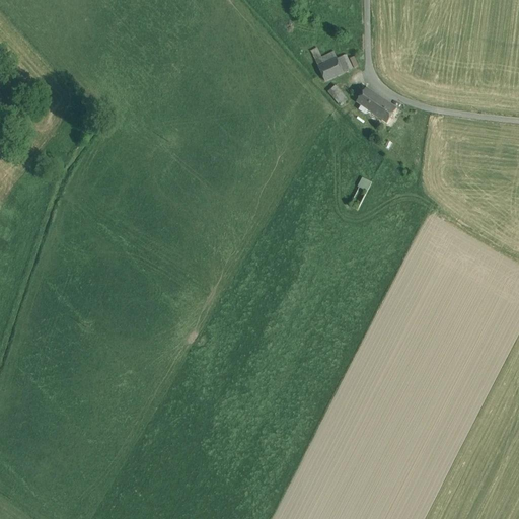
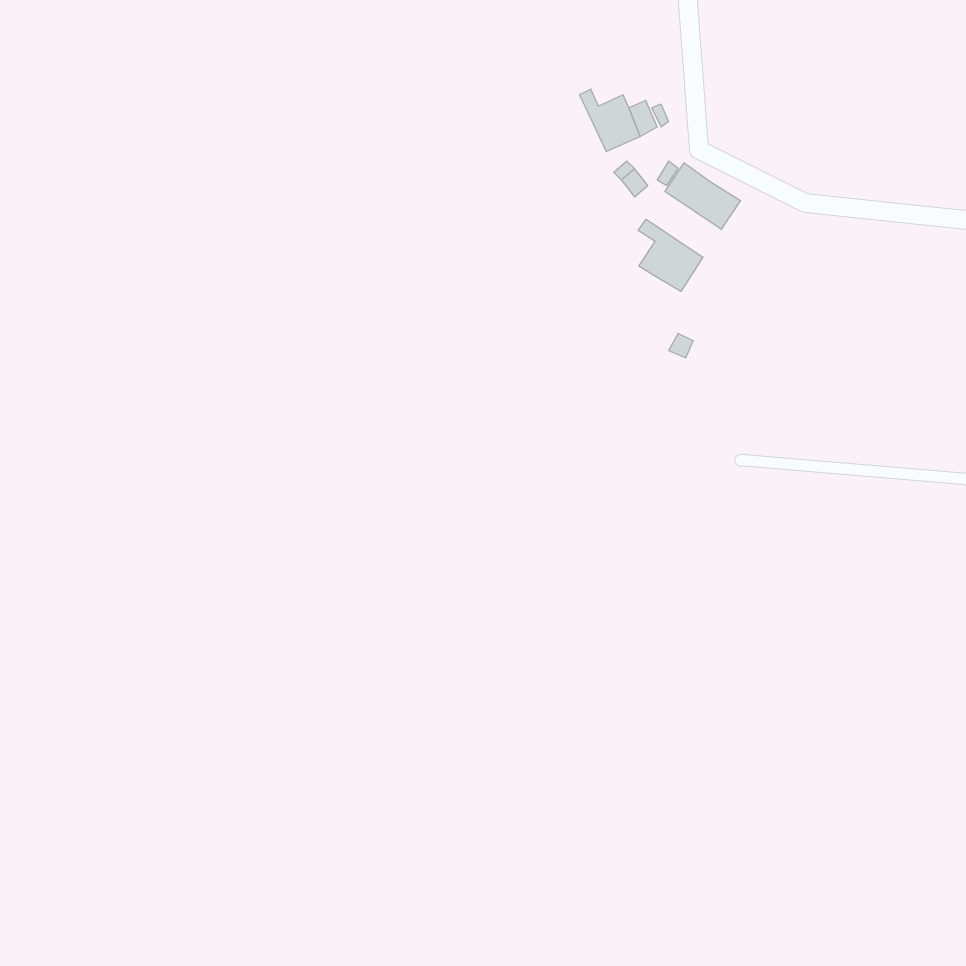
building: none -> [638,219,703,291]

